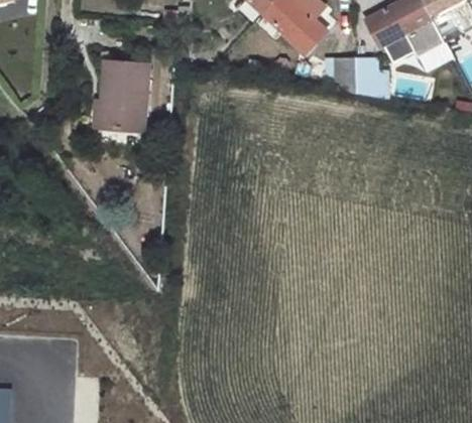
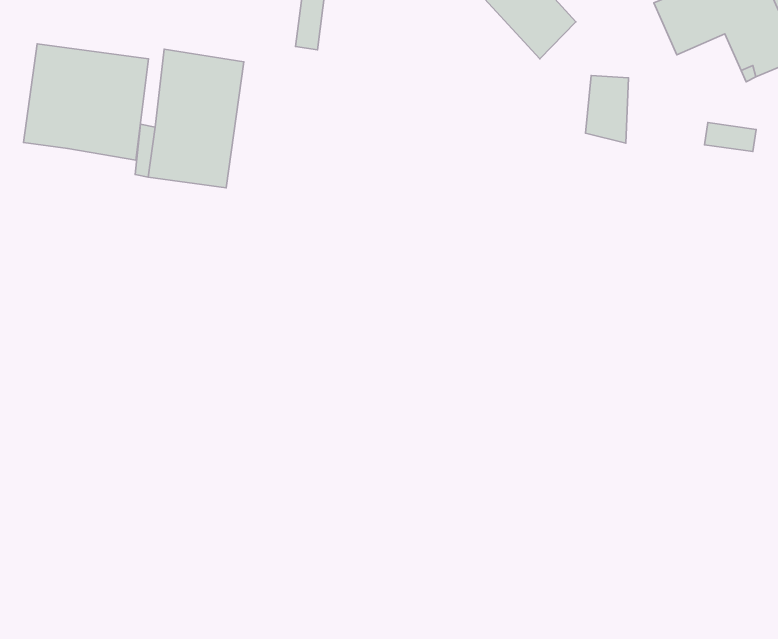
building: [355,58,377,98] -> none
building: none -> [24,44,148,160]

